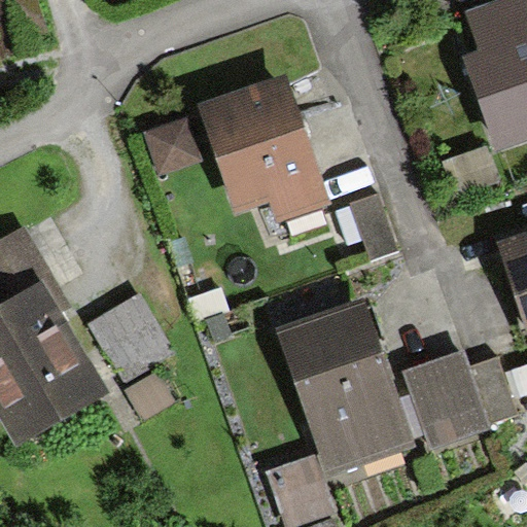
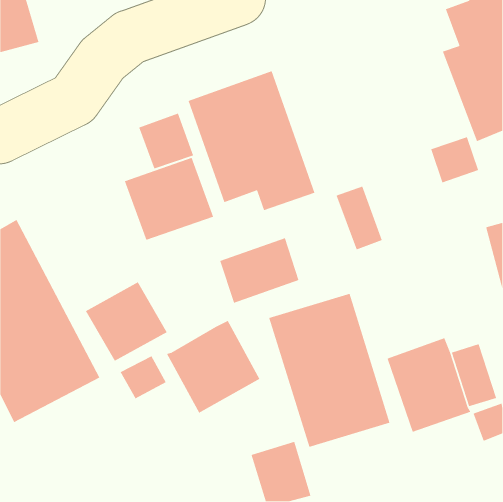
building: none -> [124,157,214,241]
building: none -> [219,237,300,304]
building: none -> [166,320,260,414]

